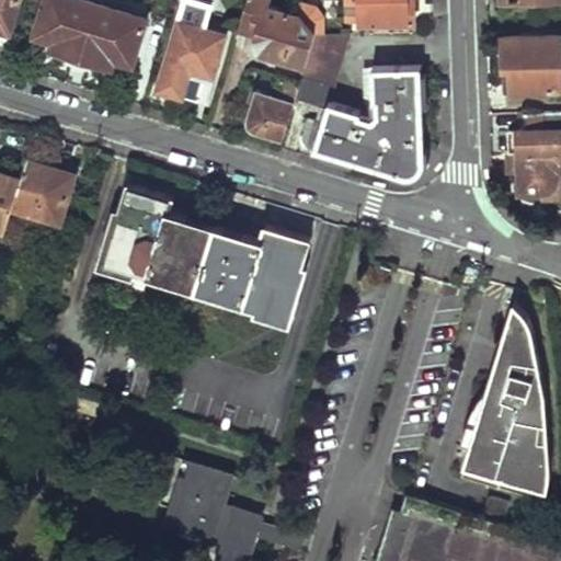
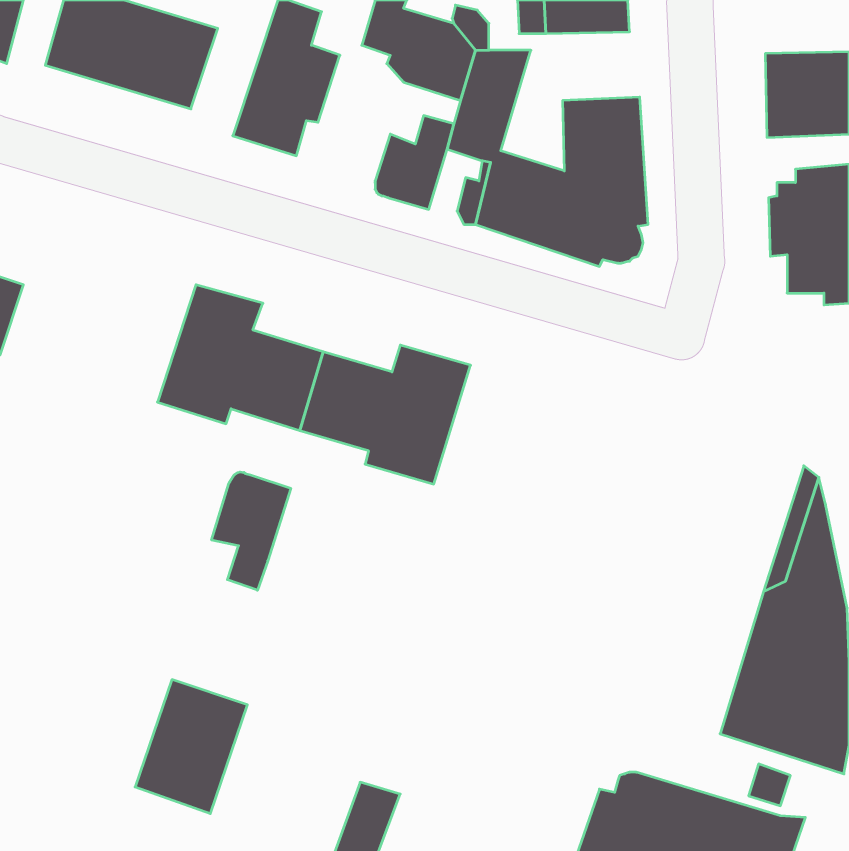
building: [11,163,72,224] -> none
building: none -> [212,472,291,590]
building: [165,463,239,551] -> [135,680,247,814]

